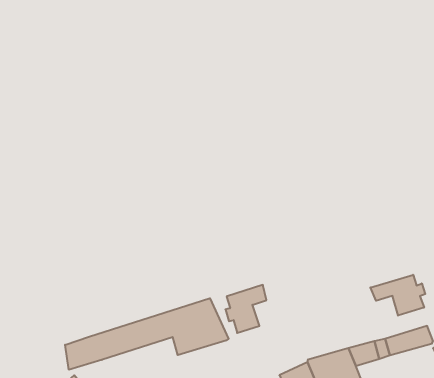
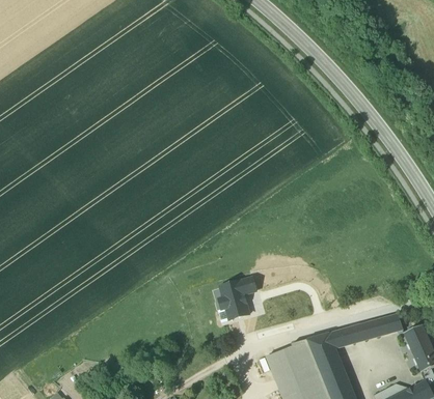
building: [370,275,425,316] -> none
building: [65,298,229,370] -> none

